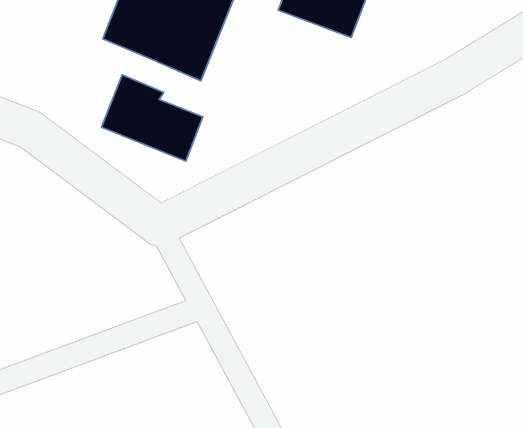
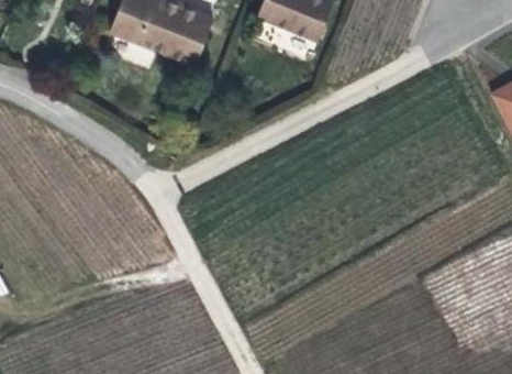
building: [101,75,203,161] -> none

